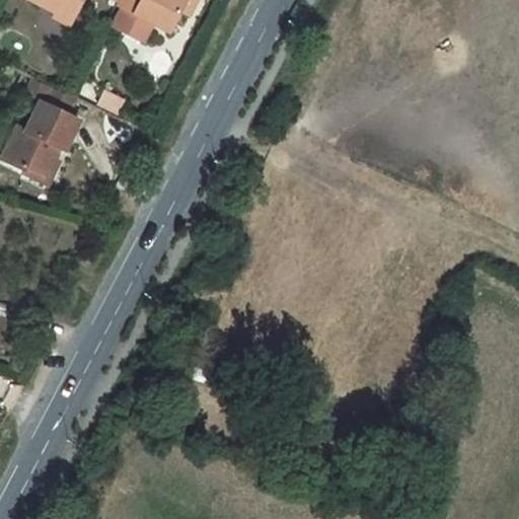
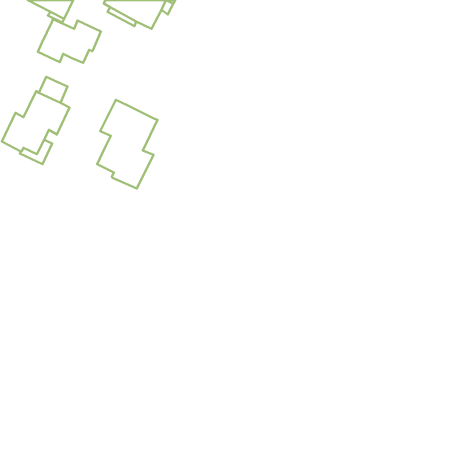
building: none -> [38,19,101,63]
building: none -> [97,100,158,188]

